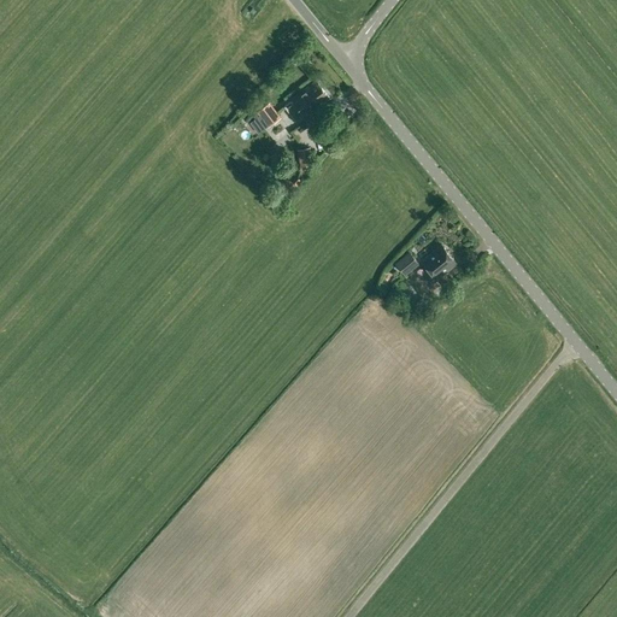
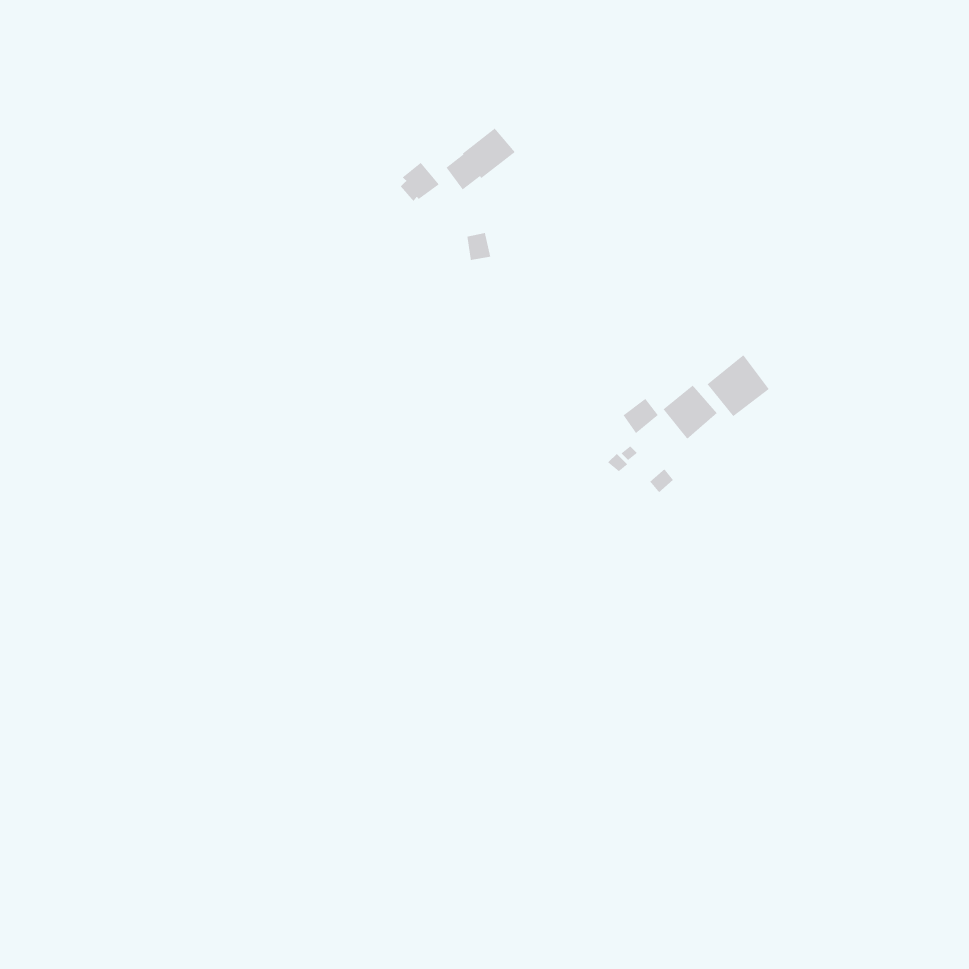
building: none -> [707,354,770,417]

